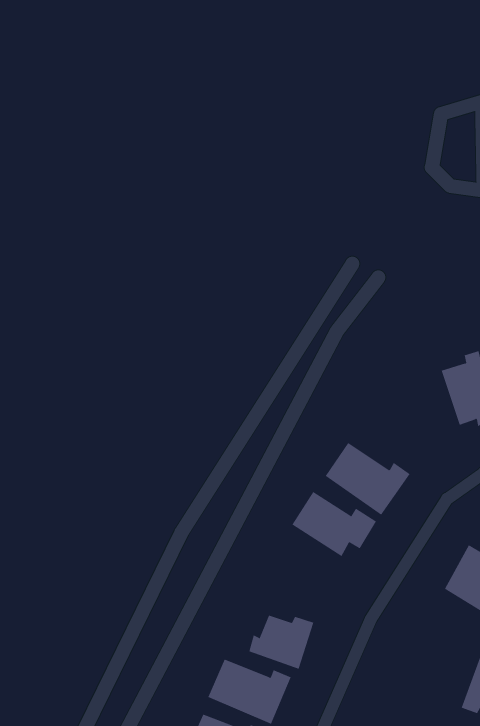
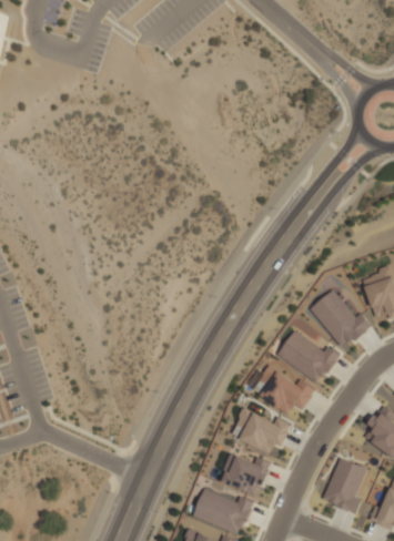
building: none -> [309,289,370,348]
building: none -> [230,407,290,452]
building: none -> [321,457,365,513]

